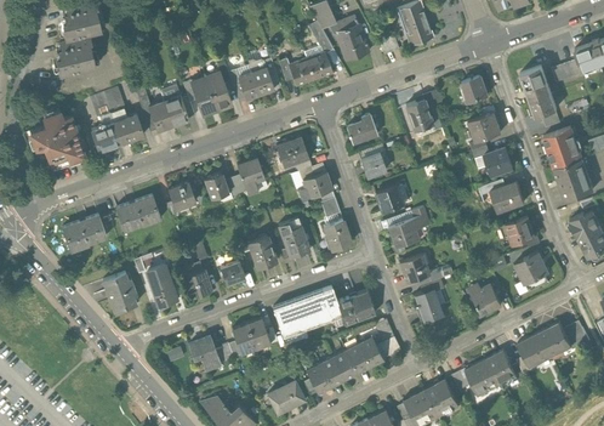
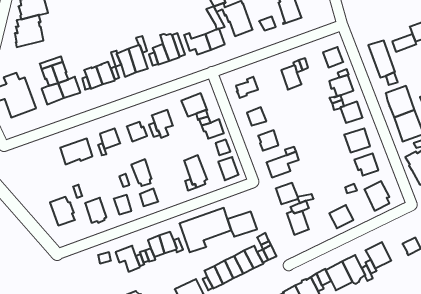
building: [62,214,106,250] -> none
building: [249,235,275,271] -> [131,159,152,186]
building: [539,320,571,356] -> none

